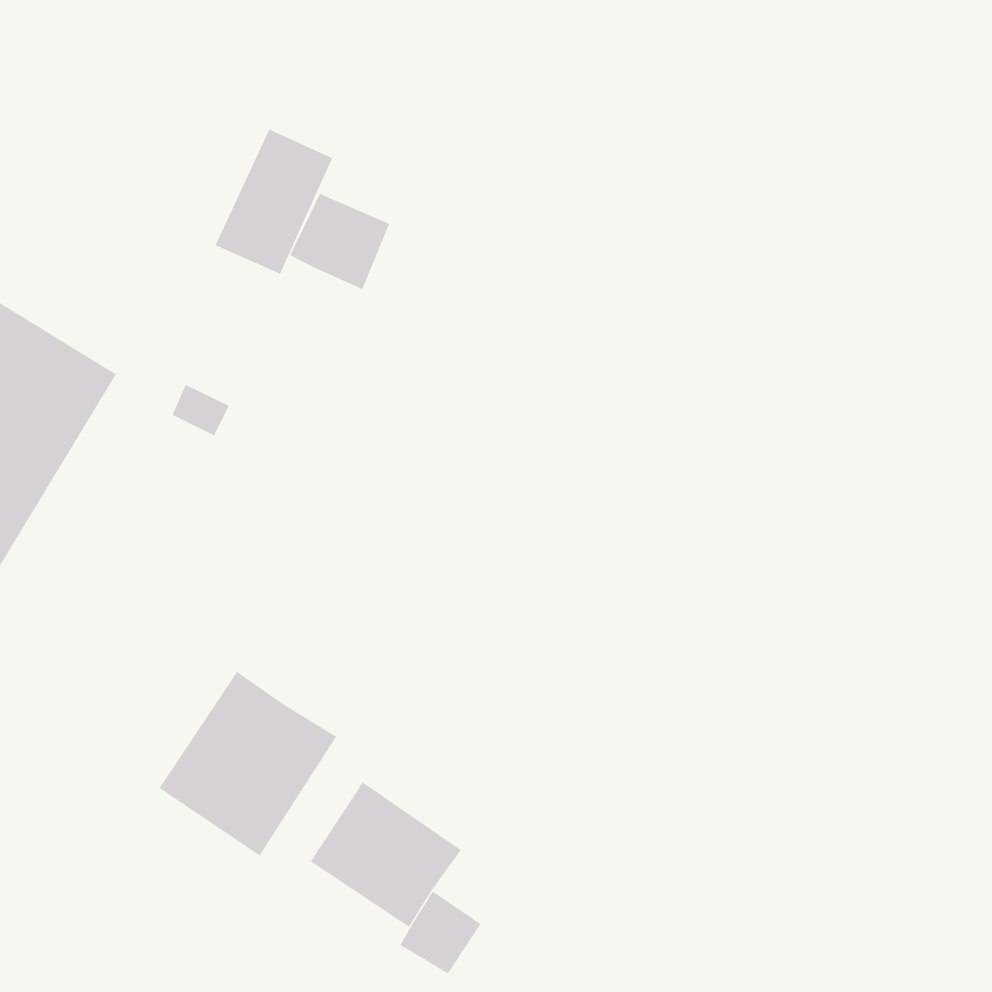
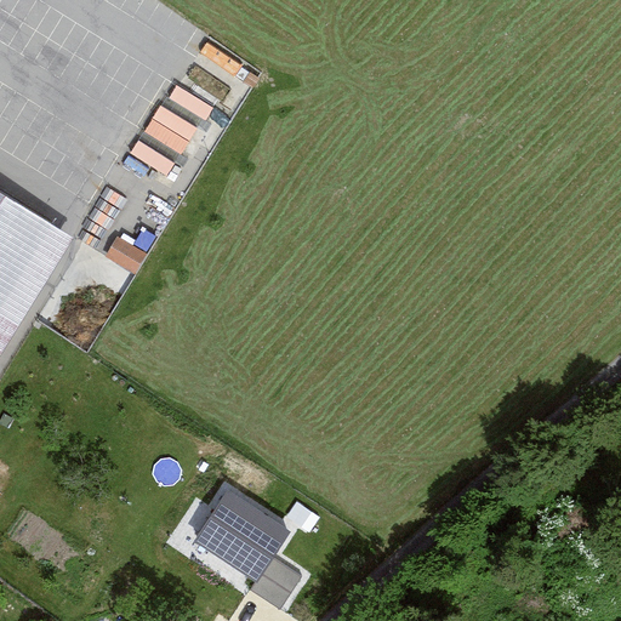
building: [289,193,390,290] -> none
building: [159,671,337,856] -> none

